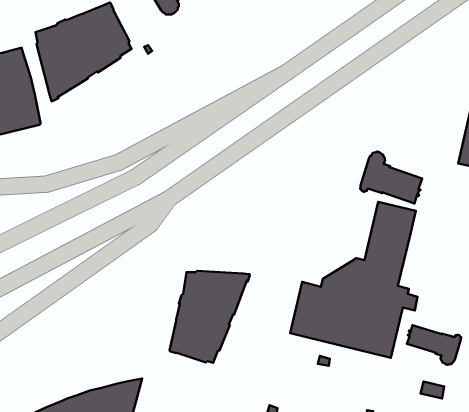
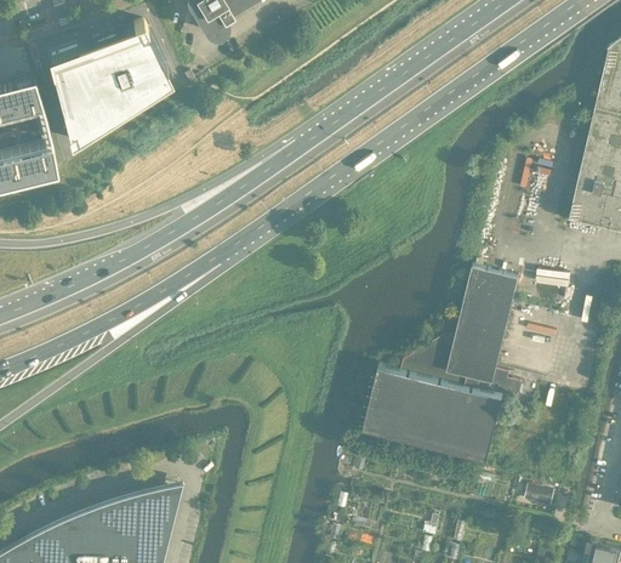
building: [360,152,422,203] -> none
building: [169,271,250,363] -> none
building: [407,325,461,365] -> none

